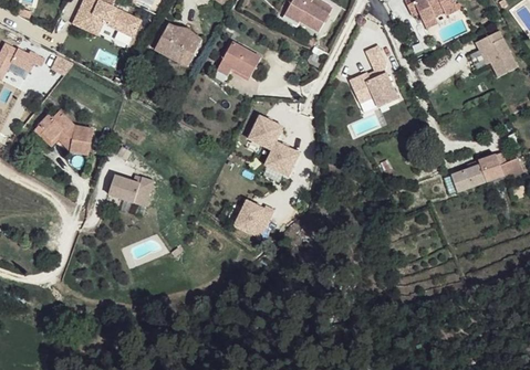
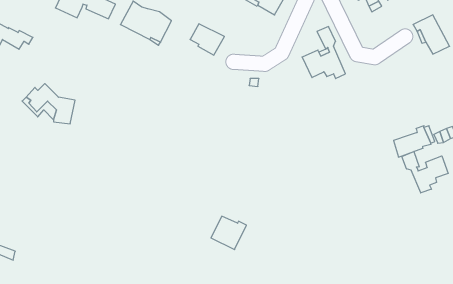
building: [248,114,300,175] -> none
building: [108,175,154,207] -> none
building: none -> [402,151,448,193]
building: [235,200,274,237] -> [211,216,246,250]

